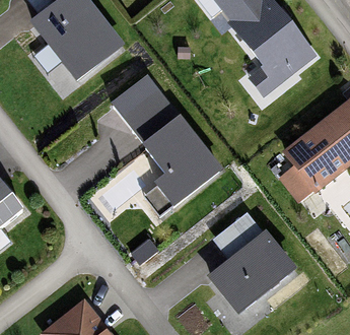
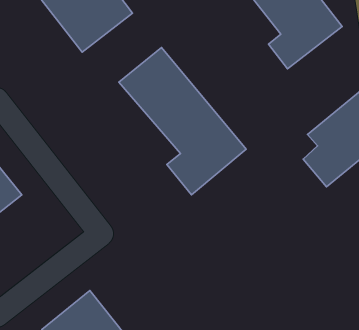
building: [208,209,297,314] -> none

